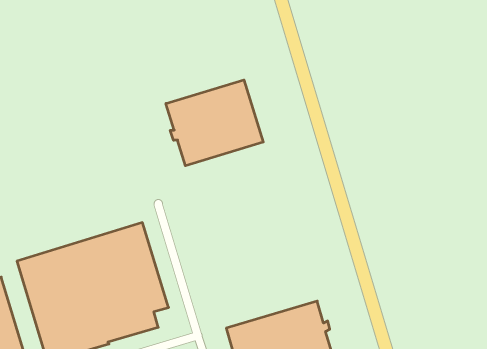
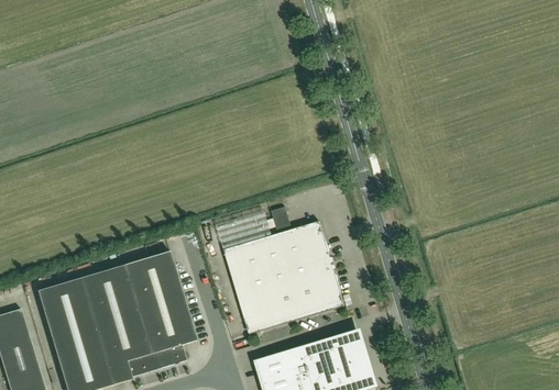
building: [166,80,263,166] -> none
building: none -> [223,205,343,334]

